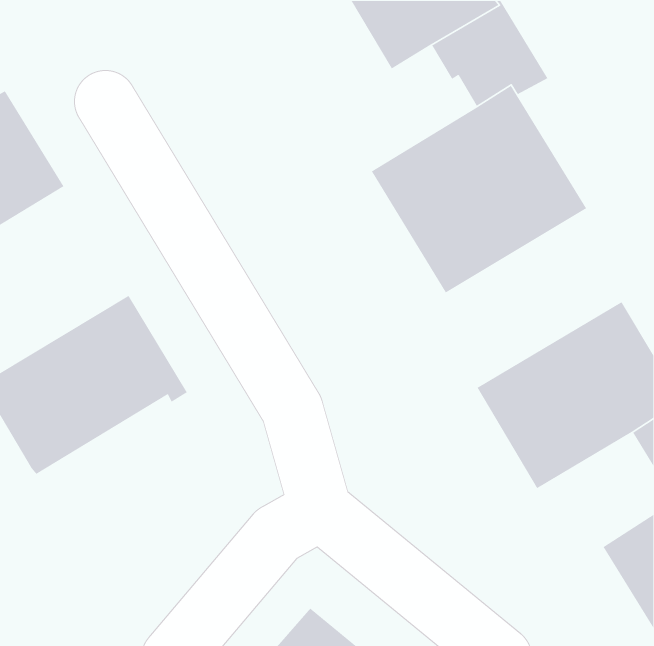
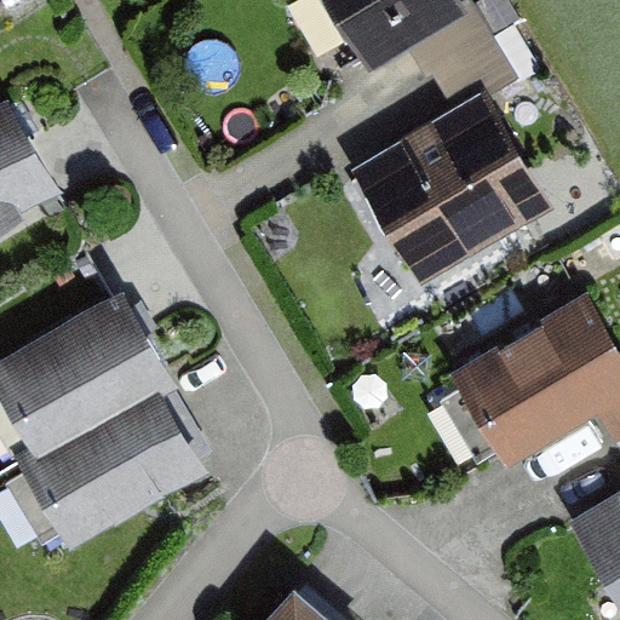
building: none -> [13,383,208,551]

